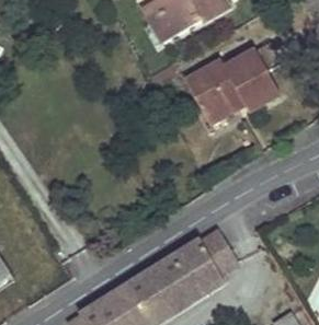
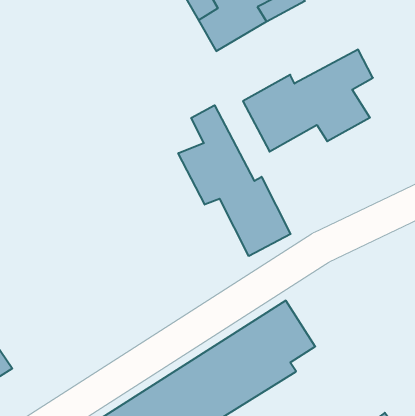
building: none -> [178,105,291,256]

